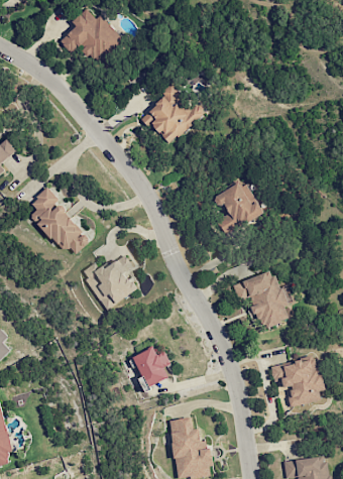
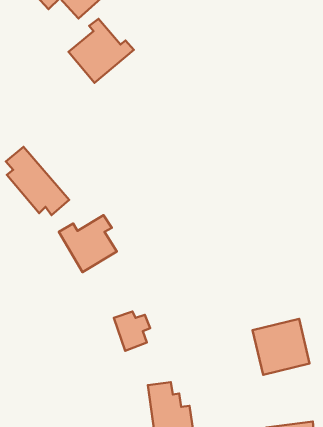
building: [141,83,205,145] -> [69,19,134,83]
building: [214,179,261,235] -> none
building: [233,269,291,328] -> none

